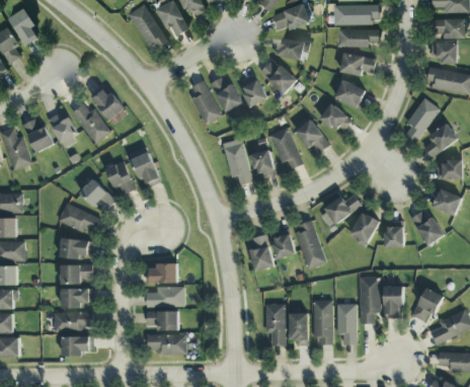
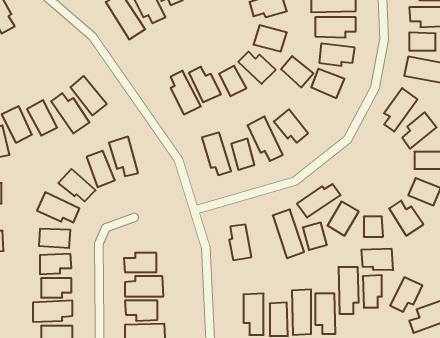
building: [320,103,352,135] -> [281,56,313,87]
building: [271,232,296,259] -> [303,223,327,250]
building: none -> [361,249,393,270]

